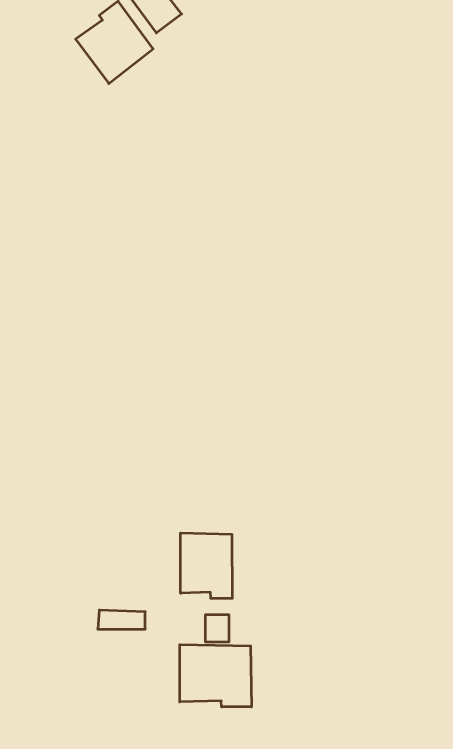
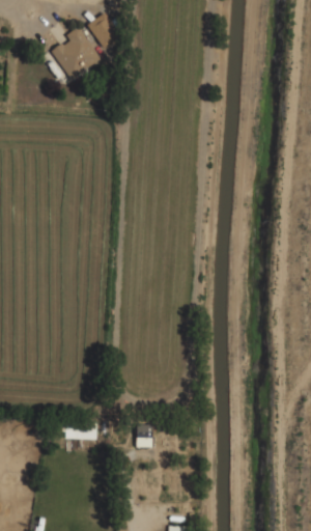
building: [181,533,232,598] -> none
building: [180,645,251,707] -> none

